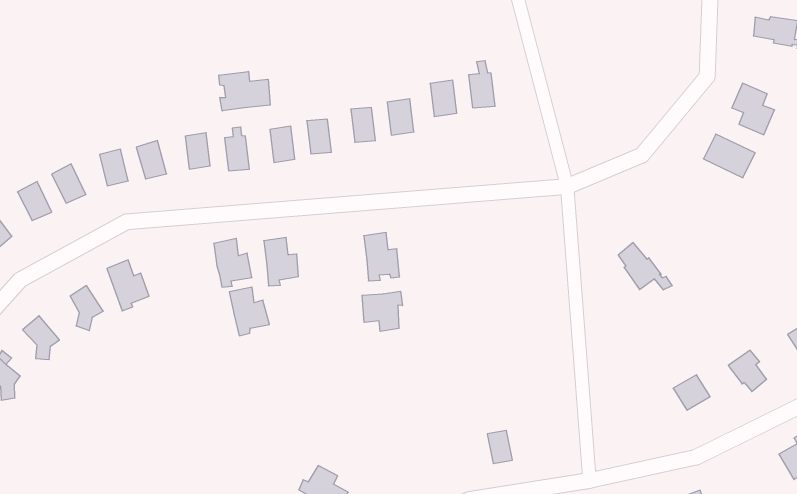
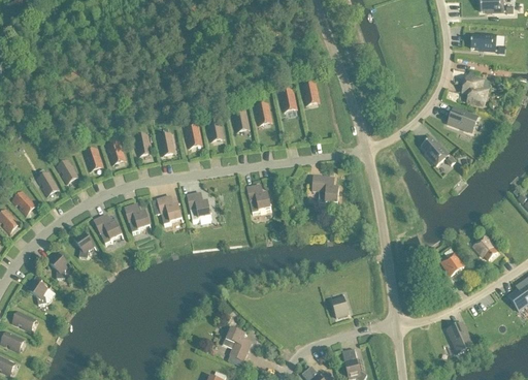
building: [219,71,270,111] -> none
building: none -> [311,175,337,203]
building: [618,243,672,290] -> [421,136,455,164]
building: [229,287,269,336] -> [124,202,150,232]
building: [362,291,402,331] -> none

